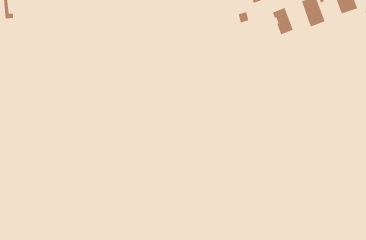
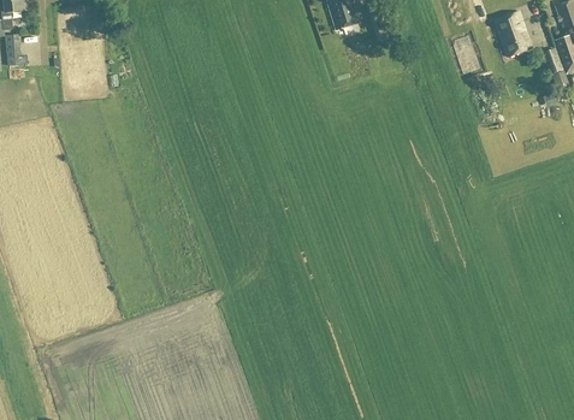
building: [272,7,293,35] -> none

